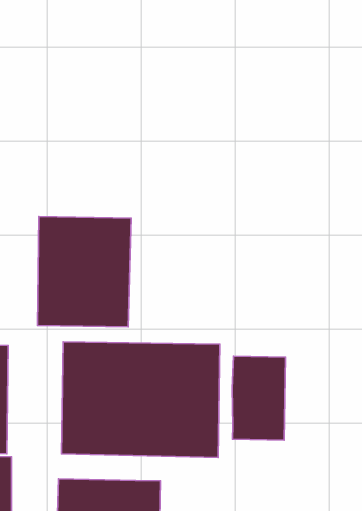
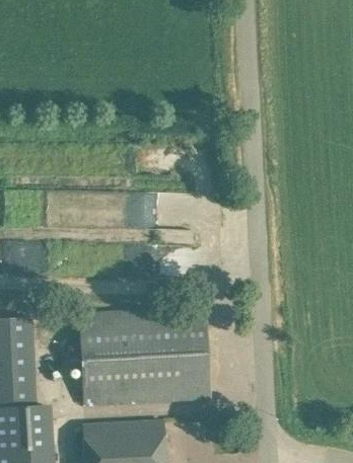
building: [37,217,131,327] -> none
building: [232,356,286,440] -> none

